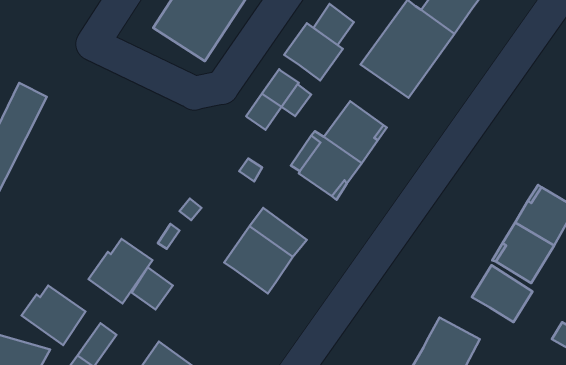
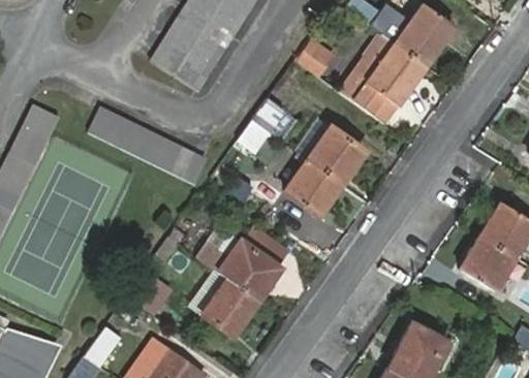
building: [284,23,343,81] -> none
building: none -> [90,105,208,184]
building: [88,239,152,304] -> none
building: [472,265,532,322] -> none
building: none -> [201,278,256,335]
building: [21,285,86,345] -> none

